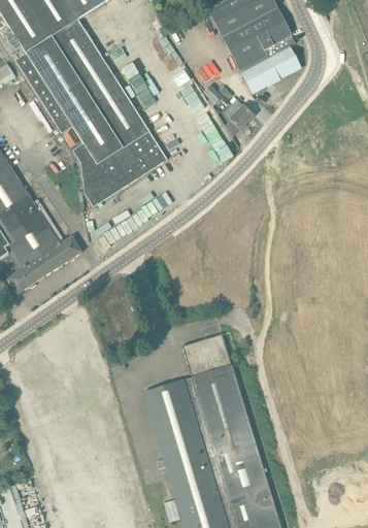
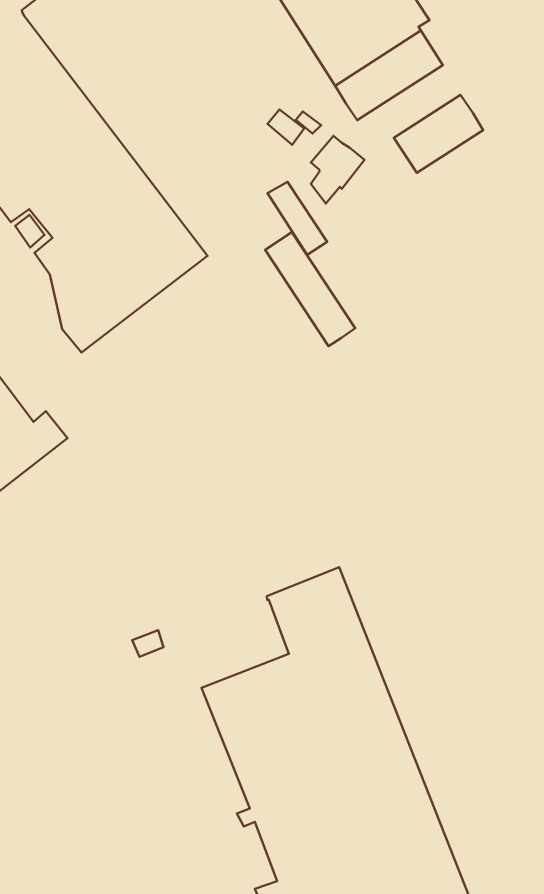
building: none -> [394,95,483,173]
building: none -> [265,232,355,346]

